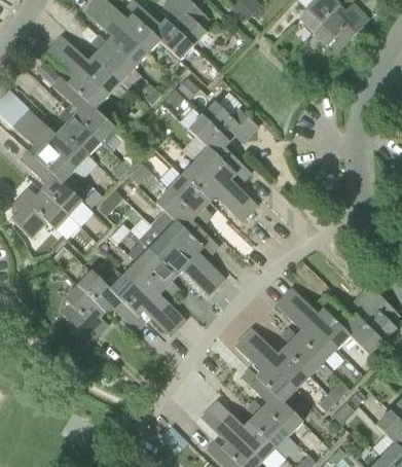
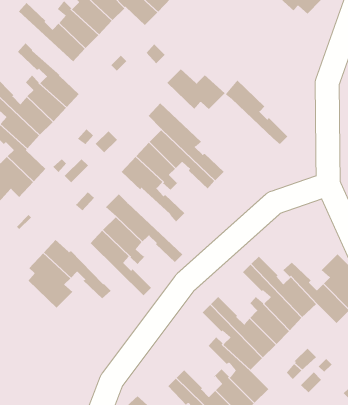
building: [46,45,108,109] -> none
building: [188,116,251,181] -> [225,80,288,145]
building: [162,221,225,287] -> none
building: [106,270,178,336] -> none

